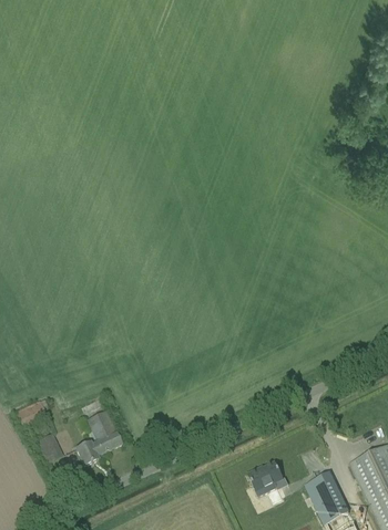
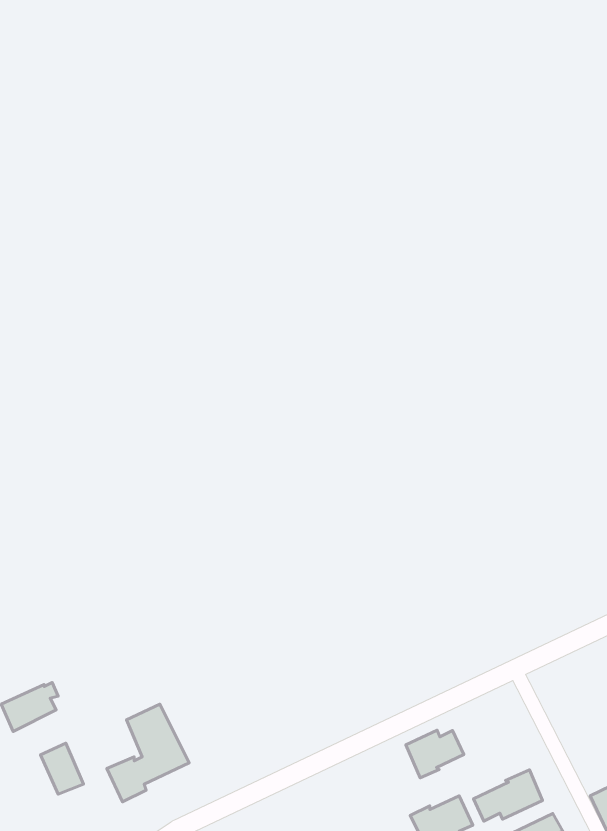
building: none -> [406,730,464,778]
building: none -> [473,770,542,821]

